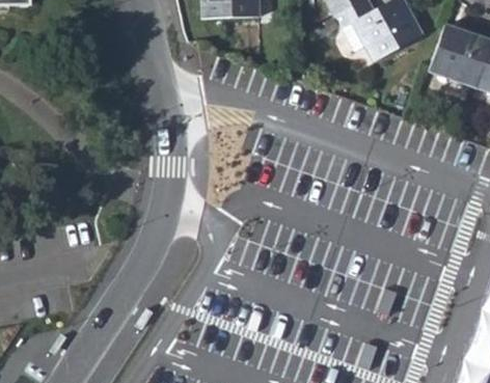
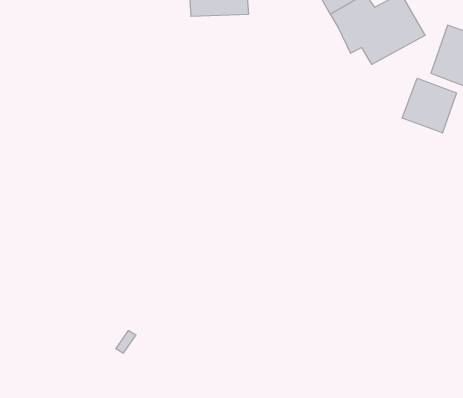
building: none -> [402,78,456,133]

